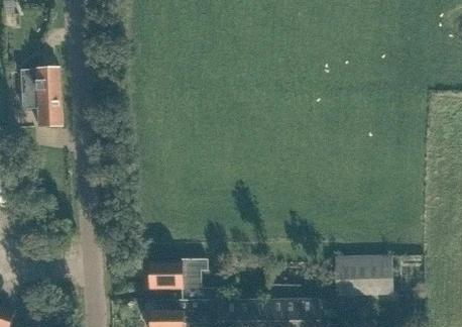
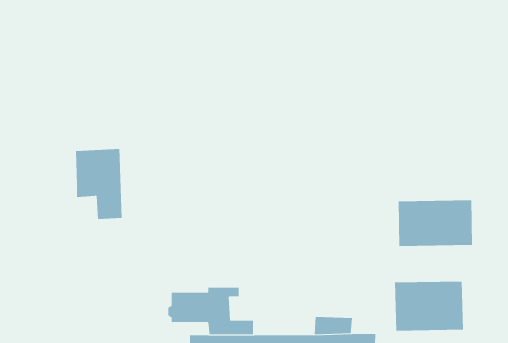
building: [21,68,61,126] -> [75,149,123,219]
building: none -> [398,200,472,247]

